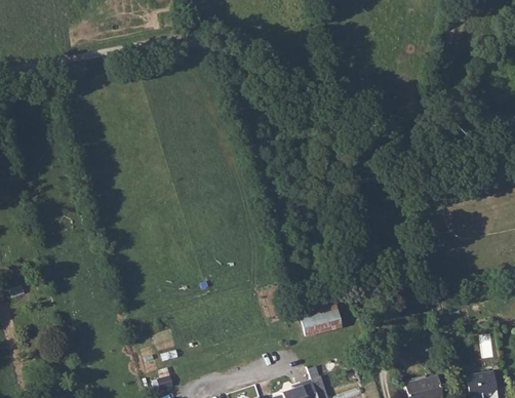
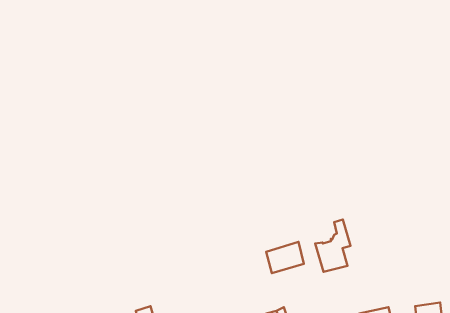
building: none -> [315,220,350,272]

